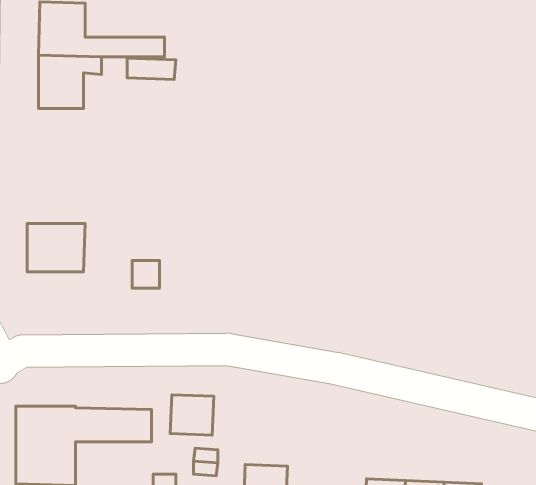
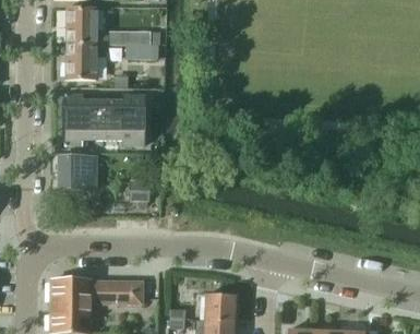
building: none -> [64,95,144,147]
building: [170,395,214,435] -> [205,294,235,321]

